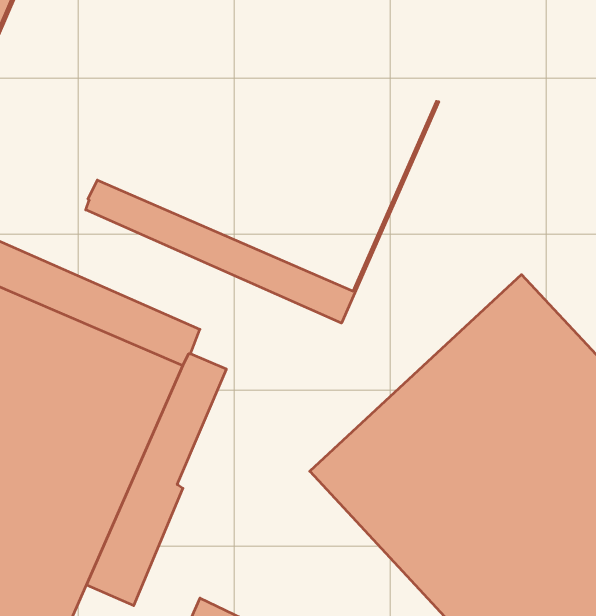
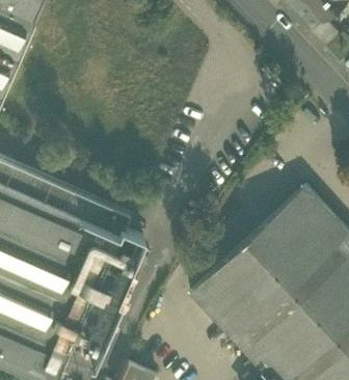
building: [86,101,439,323] -> none

